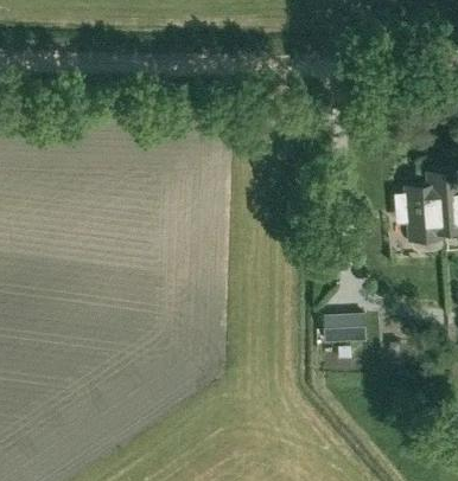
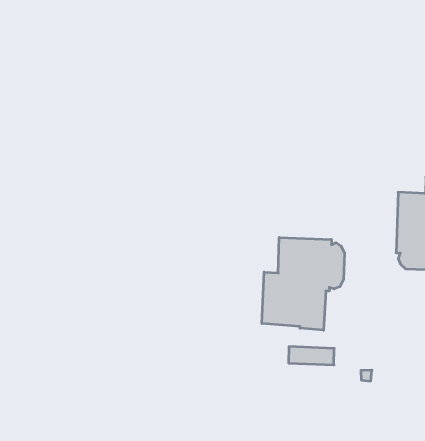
building: none -> [262,237,345,330]

